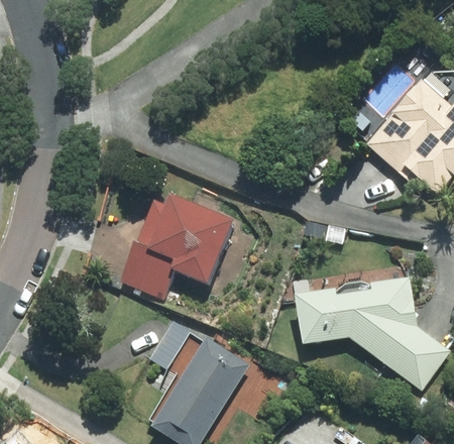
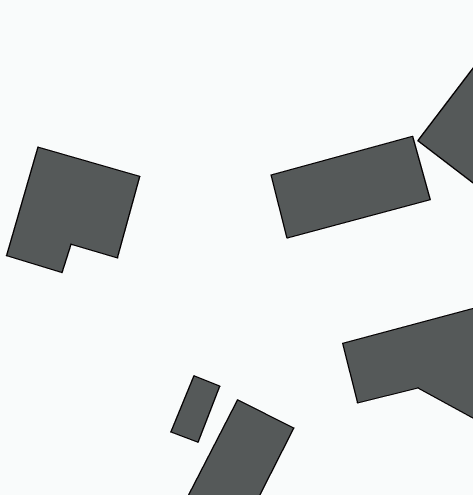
building: none -> [271,136,430,238]
building: [118,191,230,293] -> [6,147,140,273]

